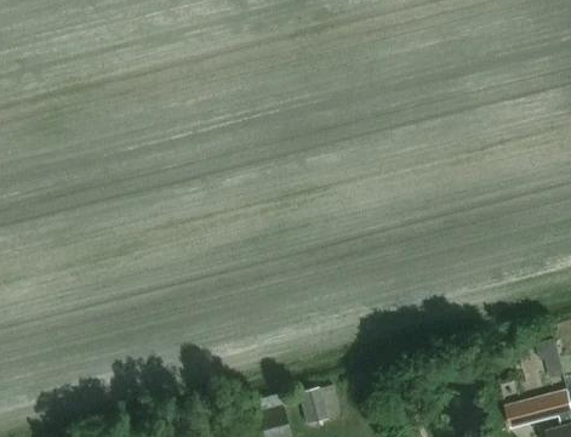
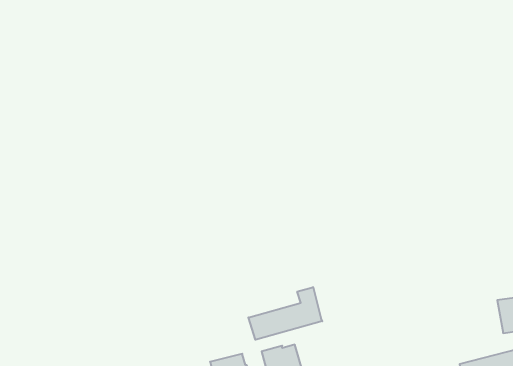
building: none -> [248,287,322,340]

